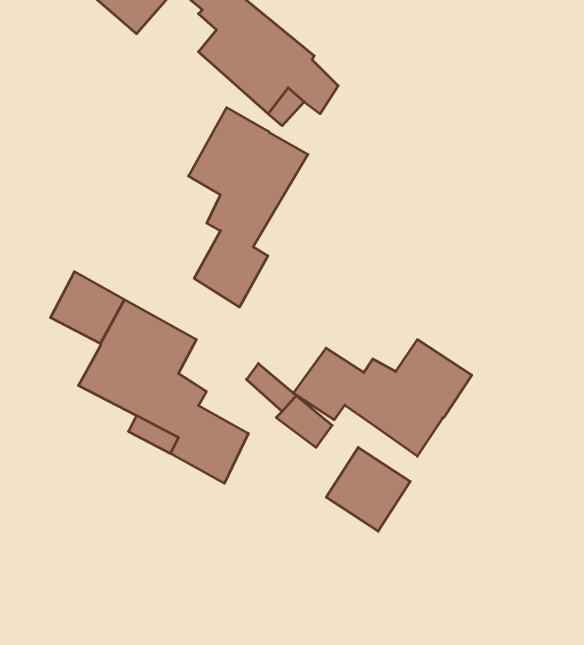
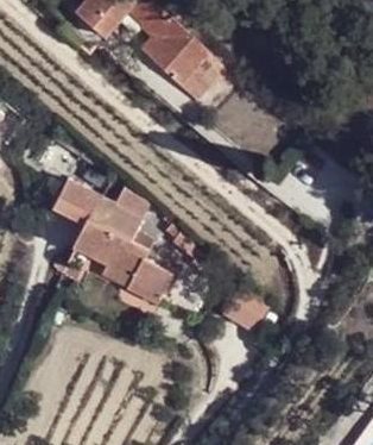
building: [188,108,308,307] -> none
building: [293,340,472,456] -> none

